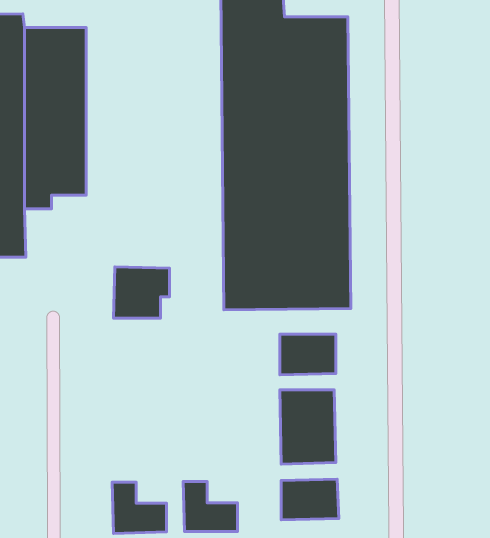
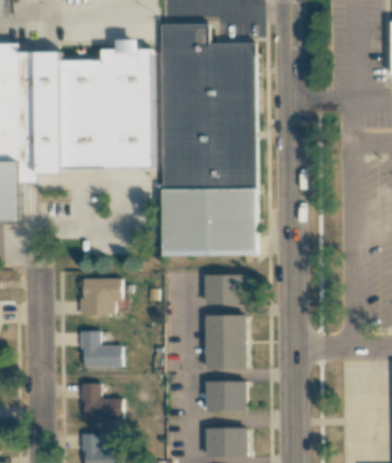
building: none -> [64,49,153,168]
building: [113,267,169,318] -> [80,278,121,315]
building: [183,482,237,531] -> [81,331,121,367]

